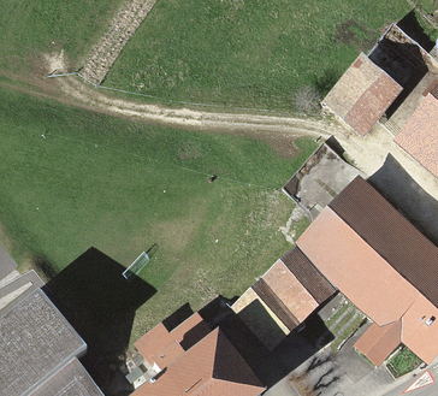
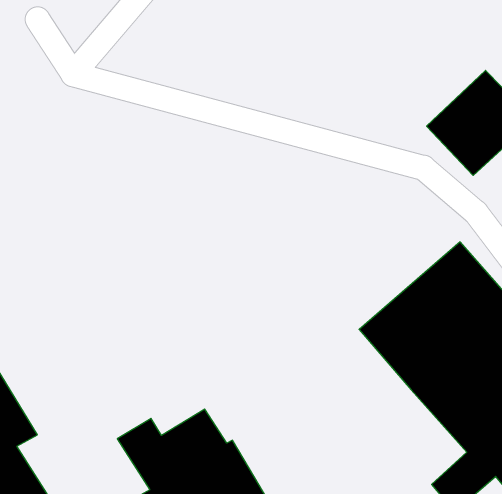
building: [236,248,337,347] -> none

